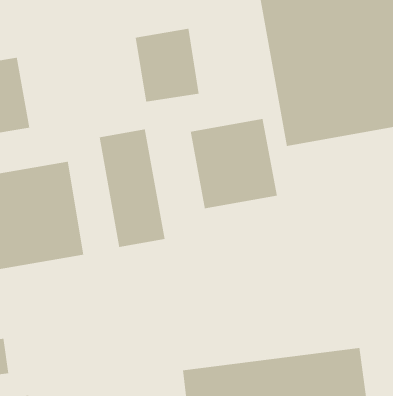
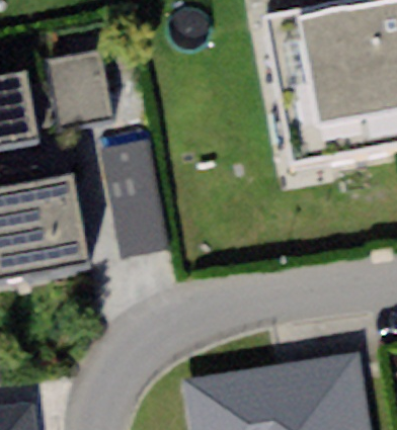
building: [135,28,199,102] -> [51,55,113,126]
building: [190,118,277,209] -> none

